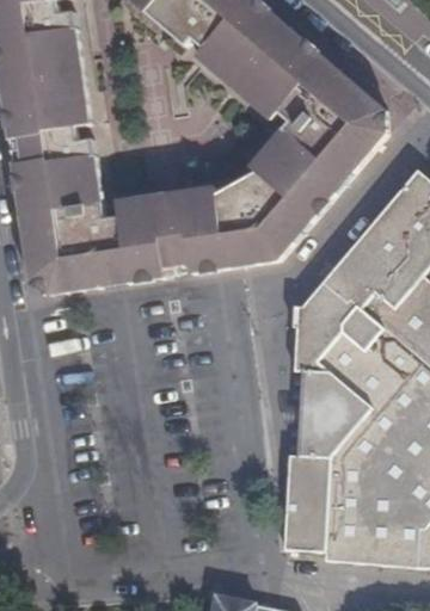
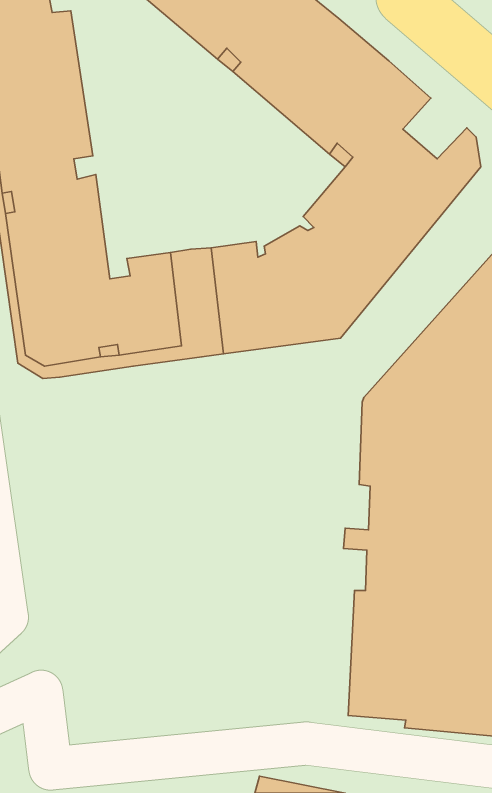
building: [326,75,375,122] -> none

